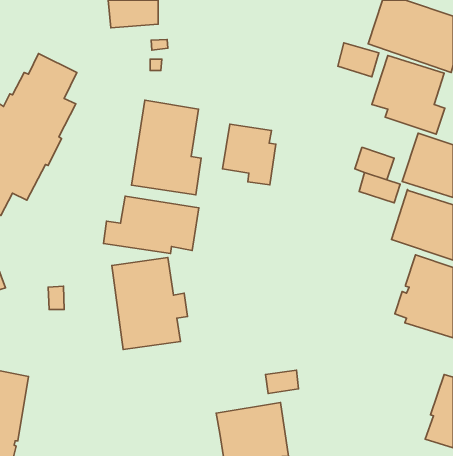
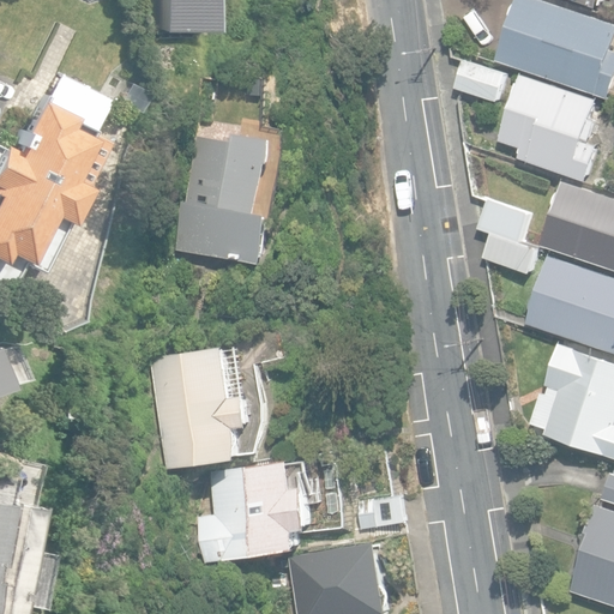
building: [223,124,276,185] -> none
building: [104,196,199,254] -> none
building: none -> [199,458,314,562]

